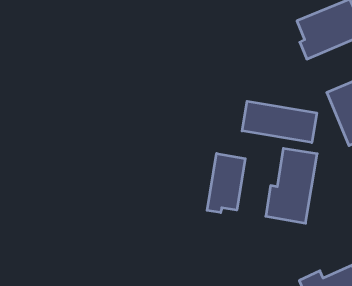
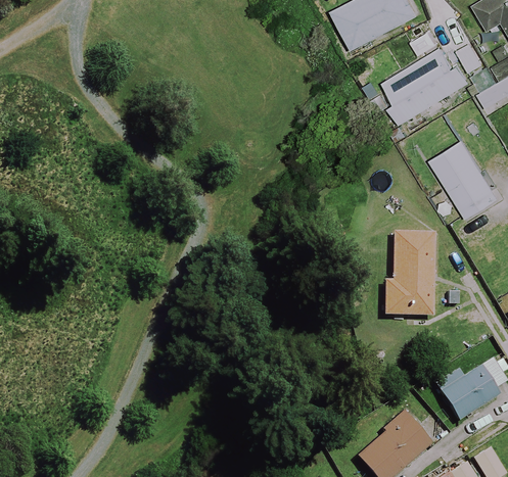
building: [242,101,317,143] -> none
building: [207,153,245,213] -> none

